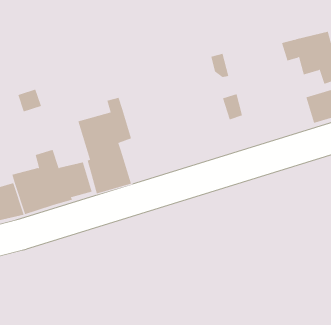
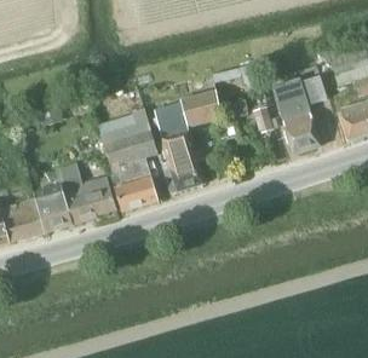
building: none -> [271,76,321,152]
building: none -> [154,87,223,191]

